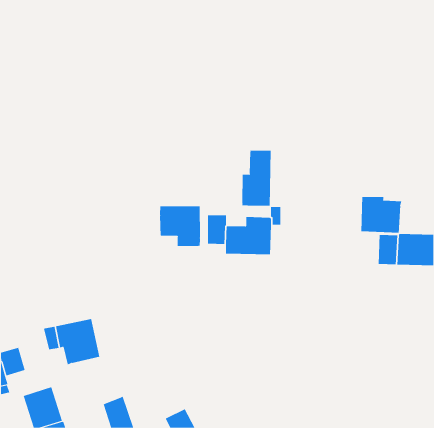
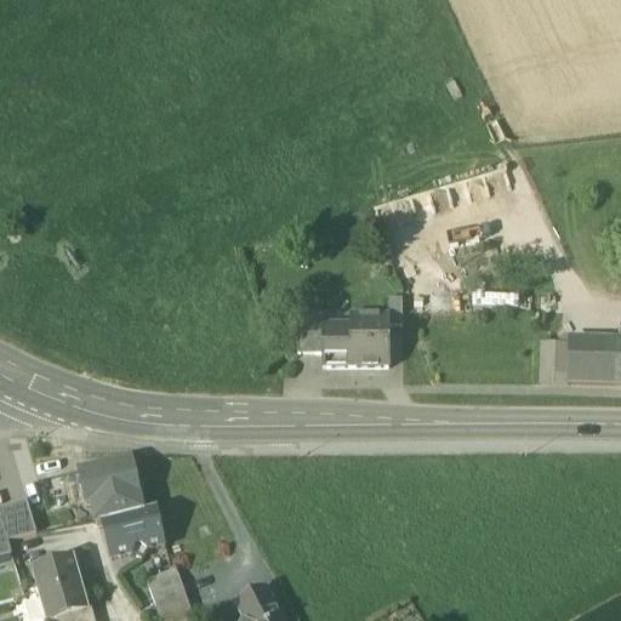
building: [242,150,271,206] -> none
building: [361,196,402,234] -> none
building: [160,205,200,247] -> none
building: none -> [102,506,165,556]

